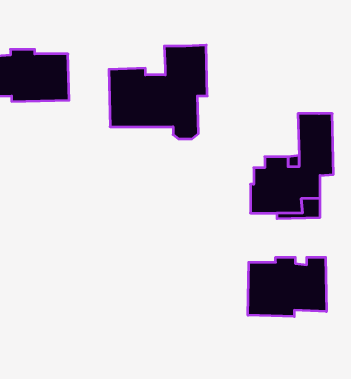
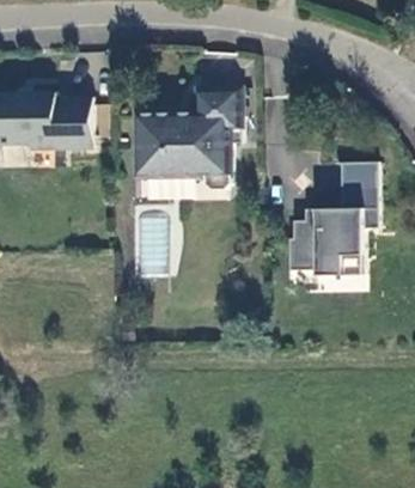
building: [248,257,326,317] -> none

